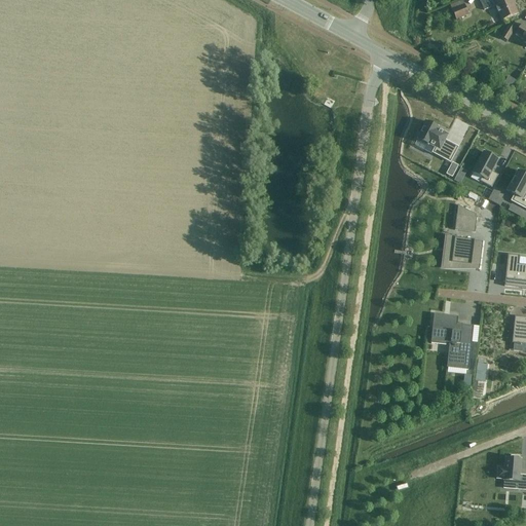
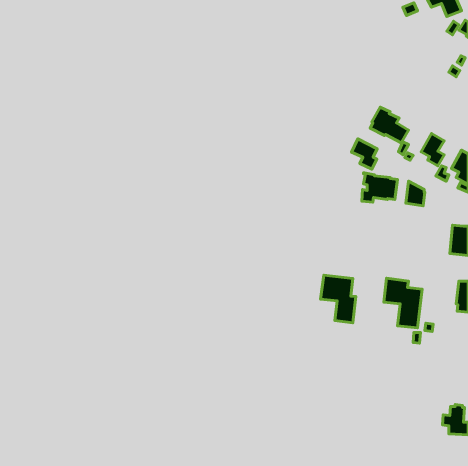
building: none -> [351,139,377,169]
building: [443,233,483,266] -> [362,173,397,202]
building: none -> [321,275,356,323]

